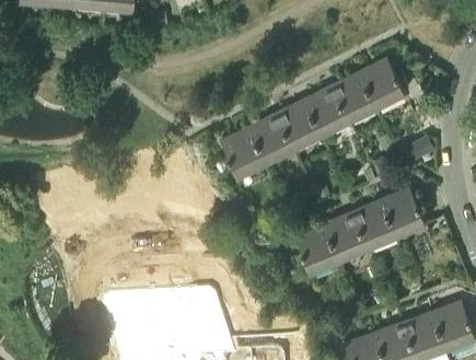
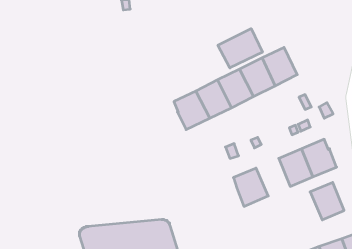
building: none -> [218,29,262,68]
building: [360,59,405,107] -> none
building: [325,212,368,259] -> [310,182,344,220]

